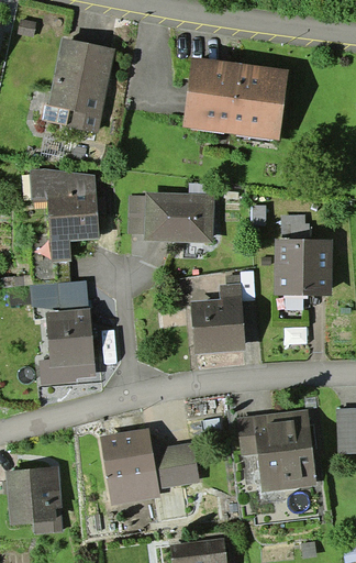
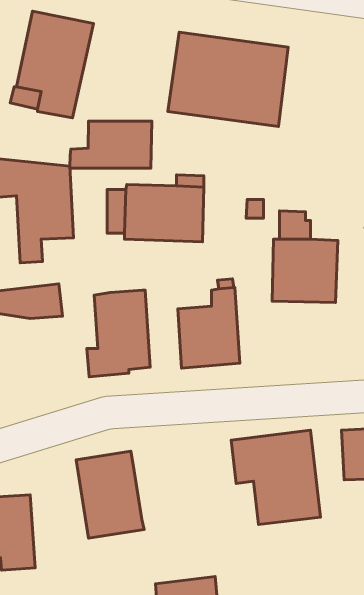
building: none -> [70,121,152,168]
building: [38,308,94,385] -> [87,290,150,377]
building: [151,438,199,488] -> none

